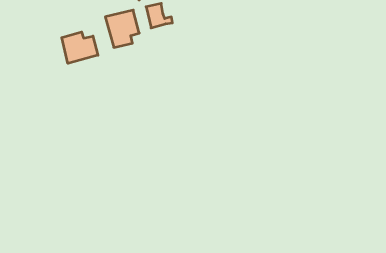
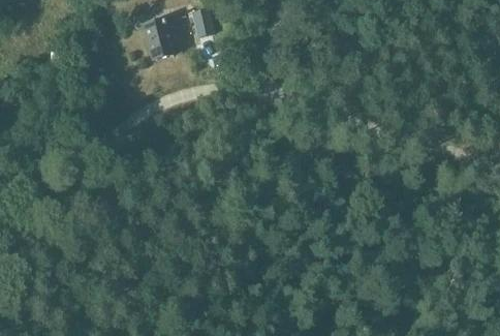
building: [62,32,98,63] -> none

